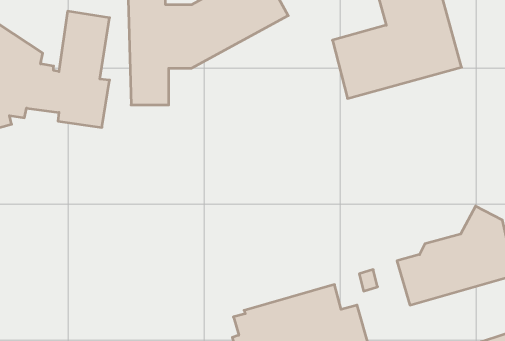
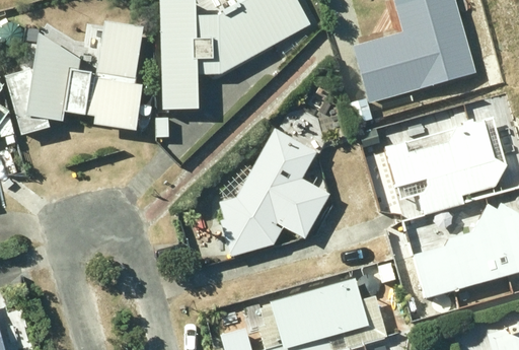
building: none -> [385,117,506,214]
building: none -> [219,127,328,257]

